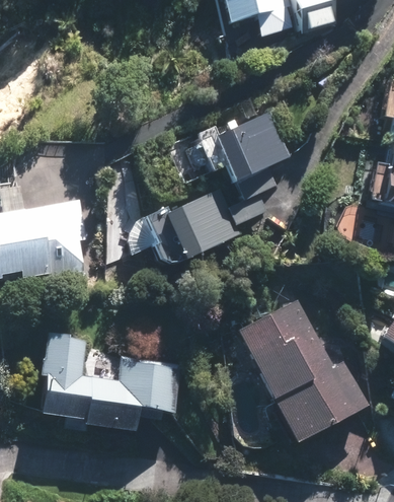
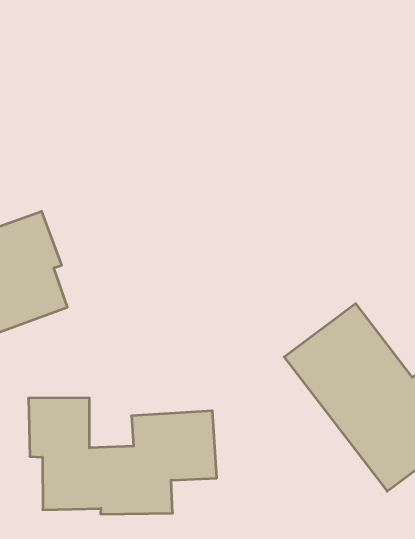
building: [147,109,288,265] -> none

